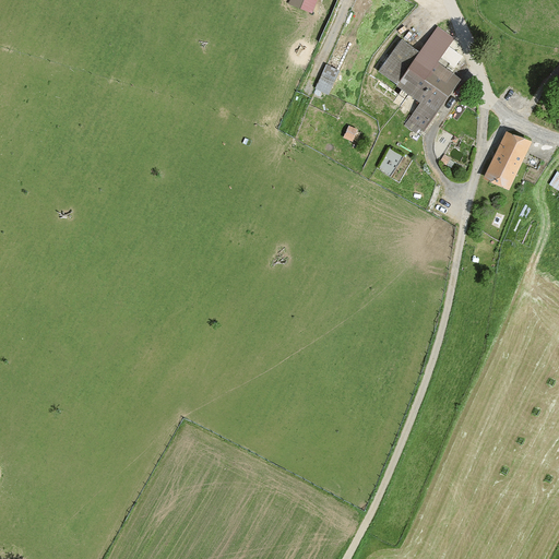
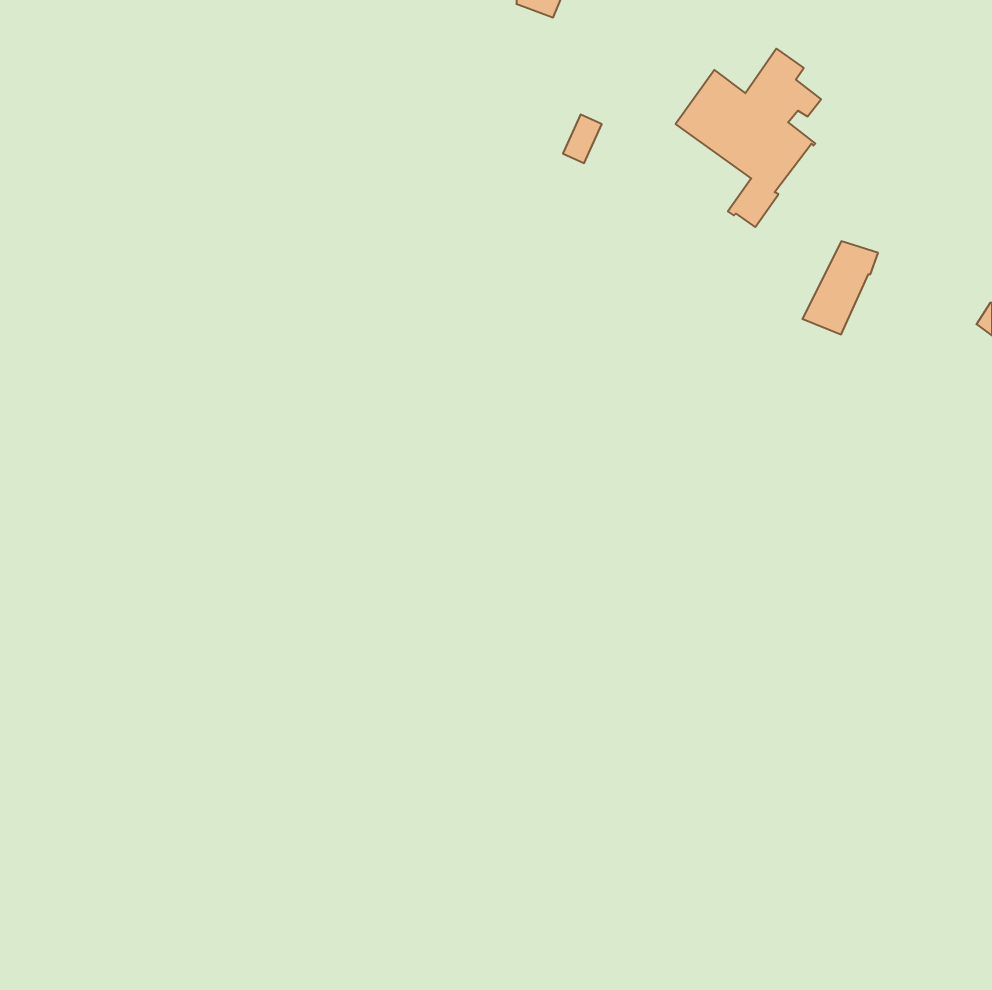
building: [486,133,528,186] -> [802,241,878,334]

